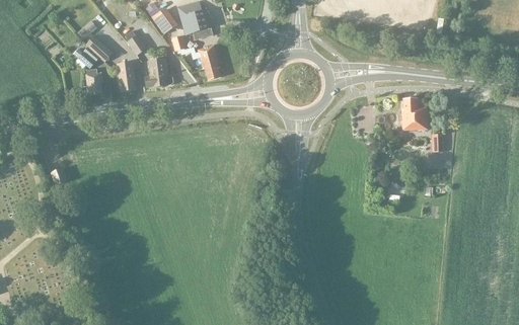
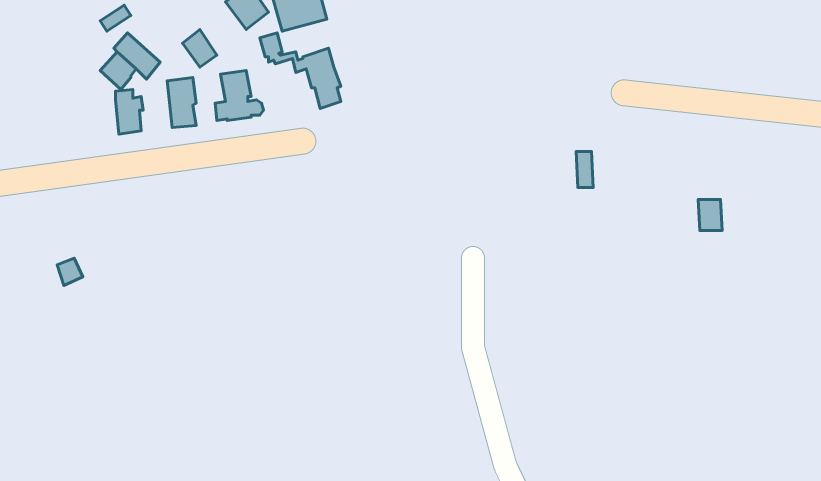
building: [405,97,431,129] -> none

